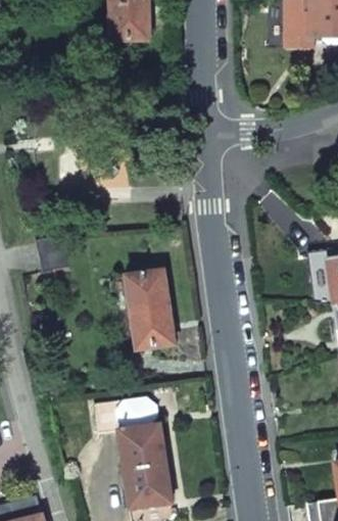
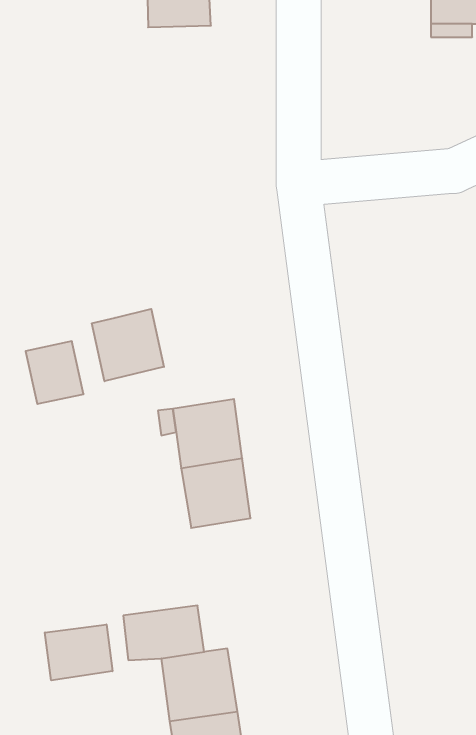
building: none -> [92,309,164,381]
building: none -> [45,624,112,680]

